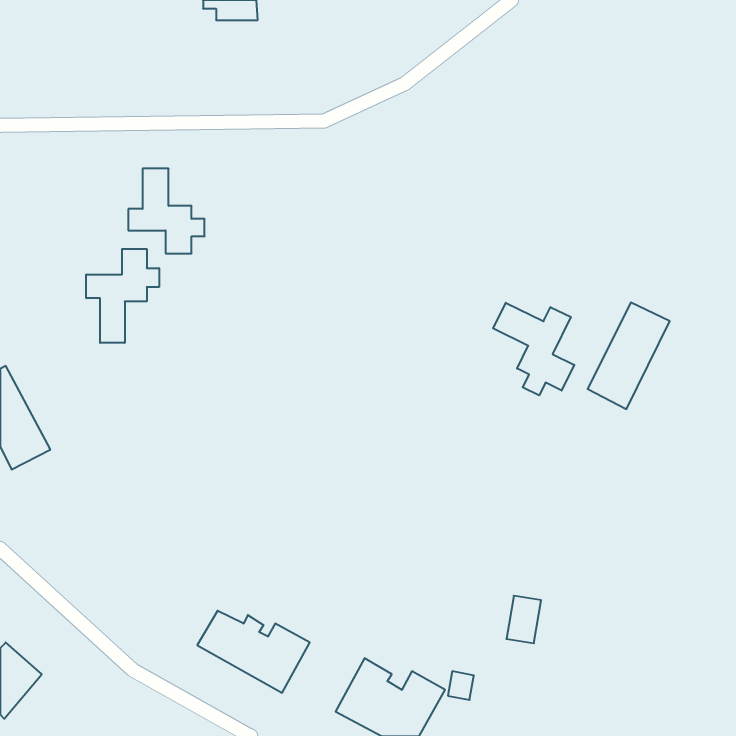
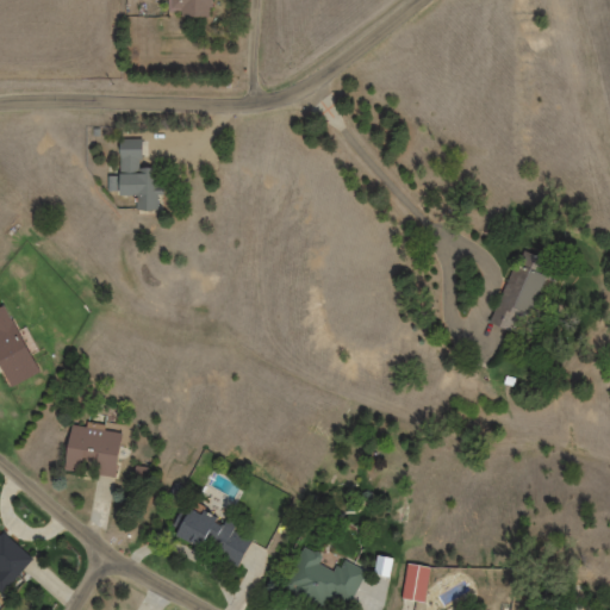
building: [86,249,159,343] -> none
building: [493,303,574,395] -> none
building: none -> [63,421,122,479]
building: [506,596,541,643] -> [400,562,429,602]

